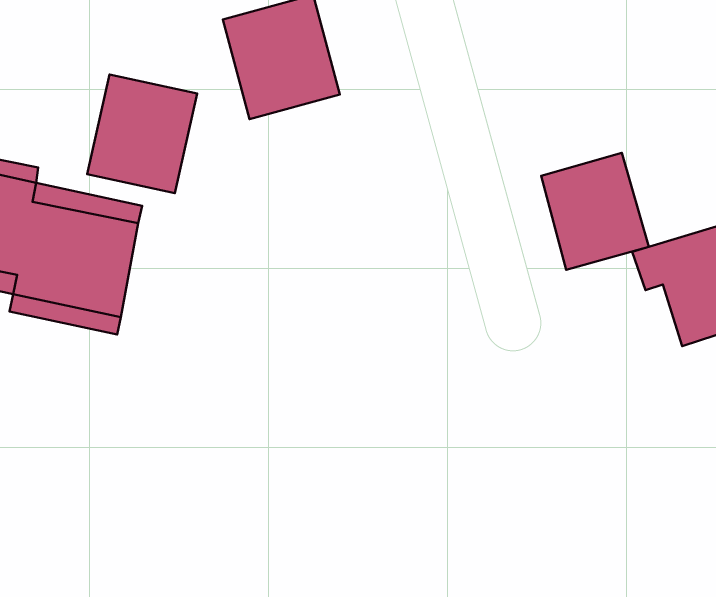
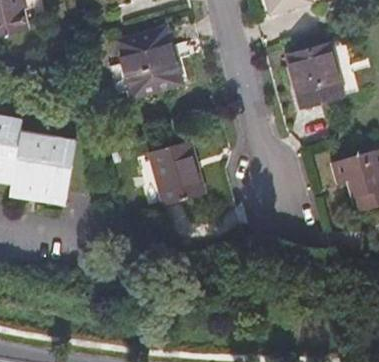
building: [87,75,197,193] -> none
building: [541,153,649,270] -> [288,45,344,106]
building: none -> [148,142,201,205]

